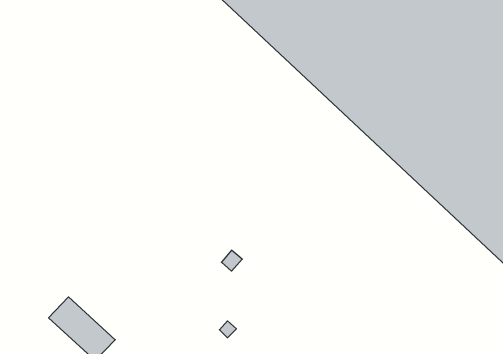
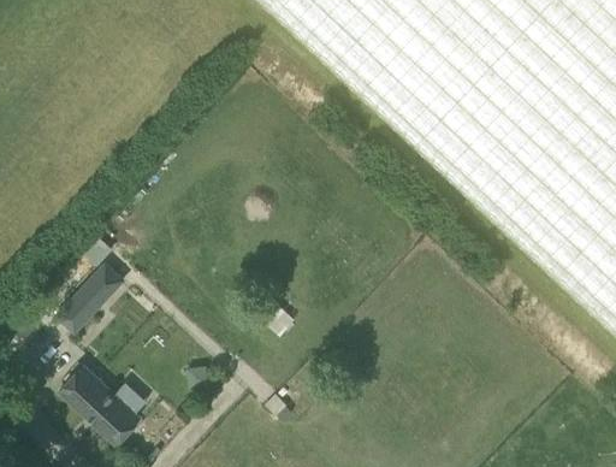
building: none -> [57,261,125,332]

